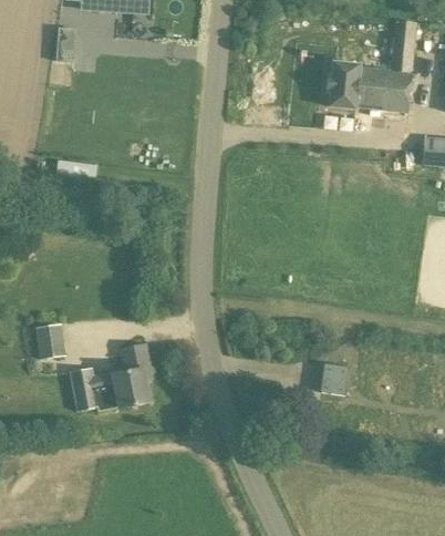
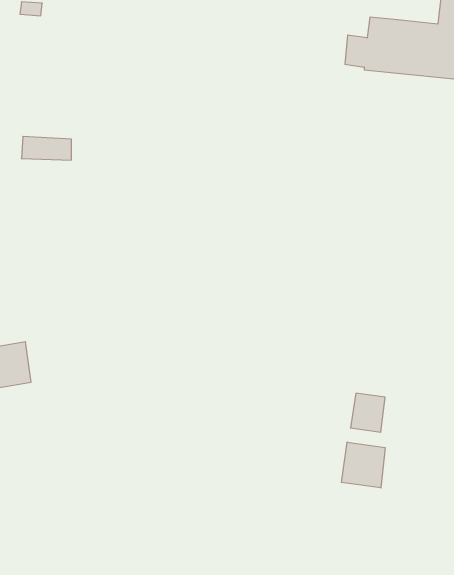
building: [69,343,151,411] -> none
building: none -> [341,442,385,488]

